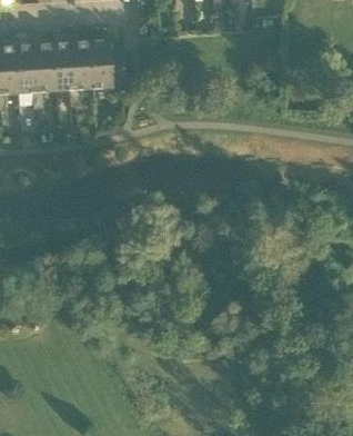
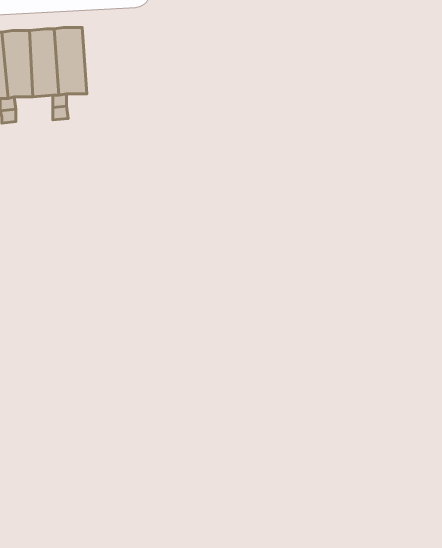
building: [90,39,124,88] -> none

